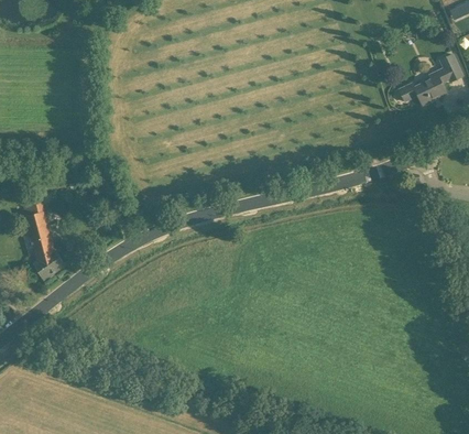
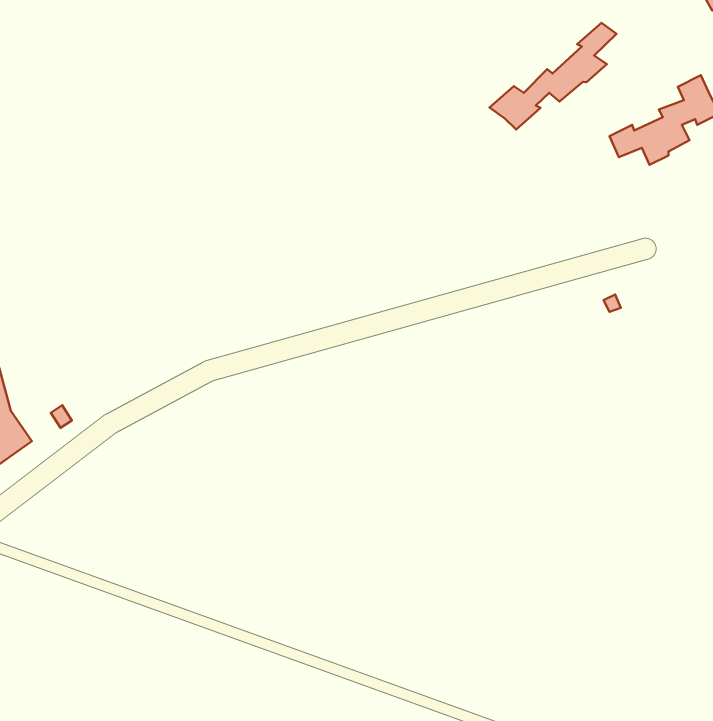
building: none -> [490,23,617,129]

